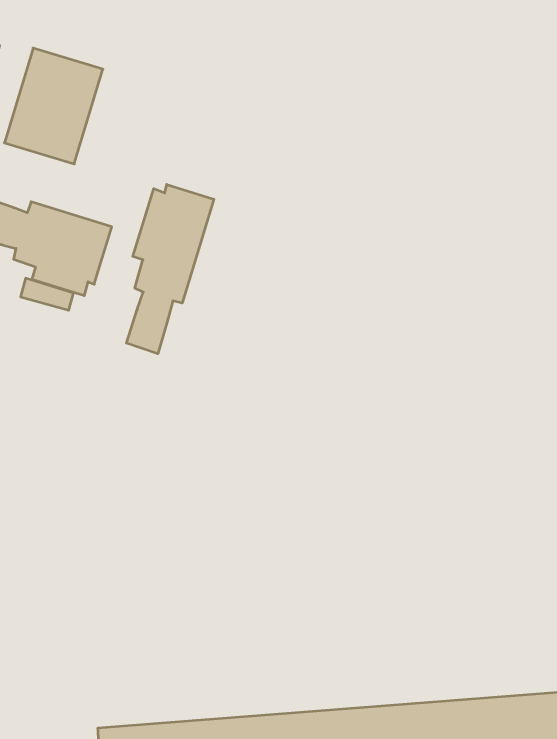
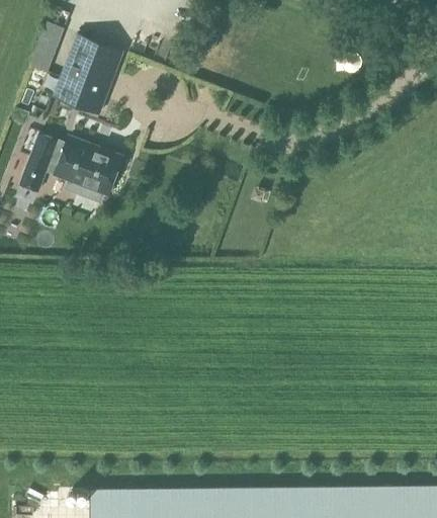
building: [126,184,214,354] -> none

